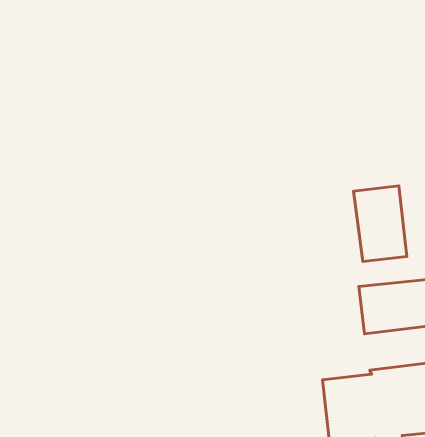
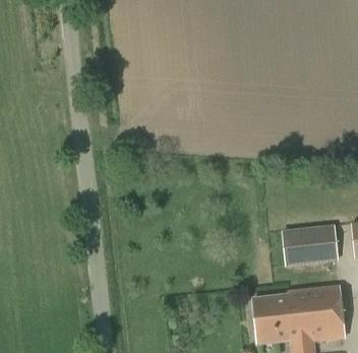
building: [354,186,407,261] -> none

